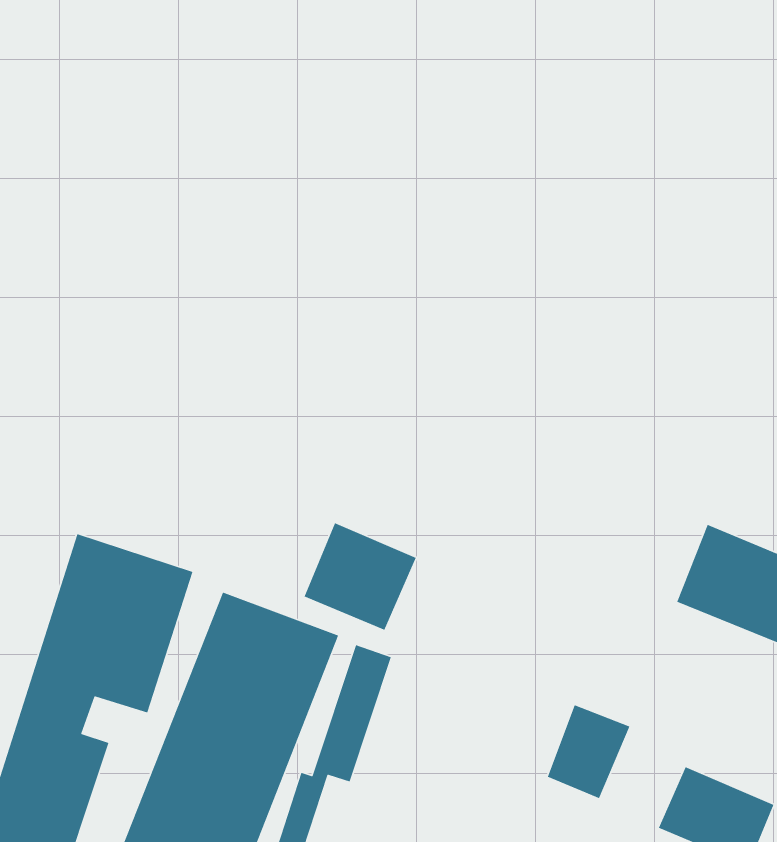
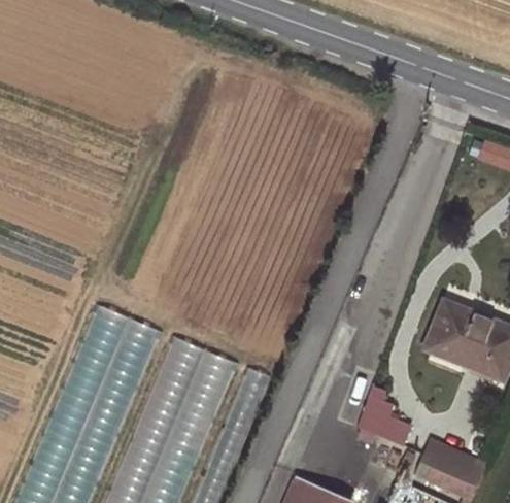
building: [304,522,417,631] -> none

